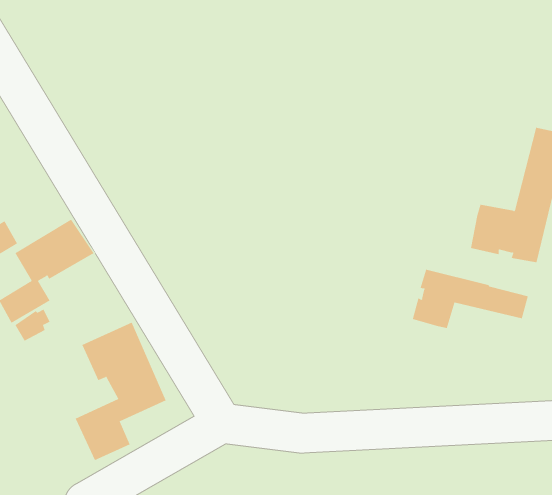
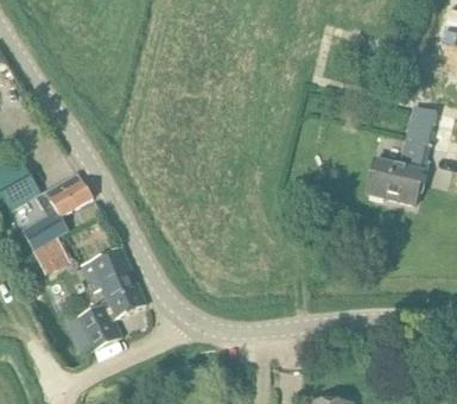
building: [412,269,529,329] -> none

